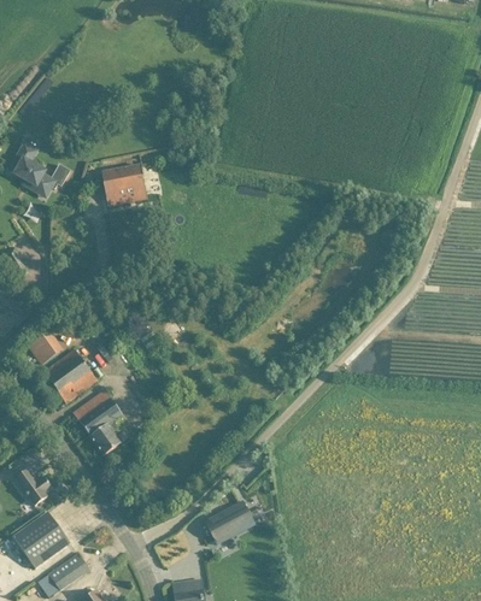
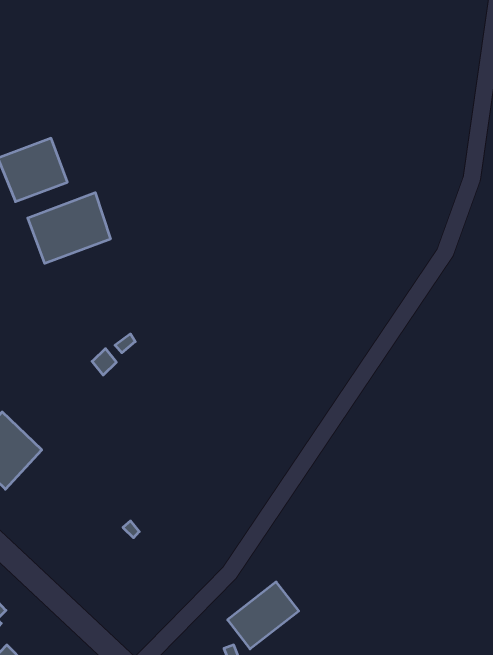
building: none -> [28,193,110,263]
building: [74,389,129,454] -> none

